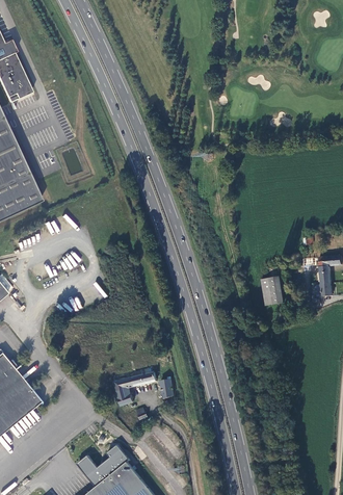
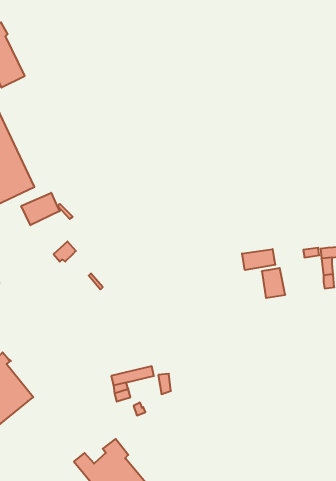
building: none -> [21,193,60,225]
building: none -> [242,249,275,270]

